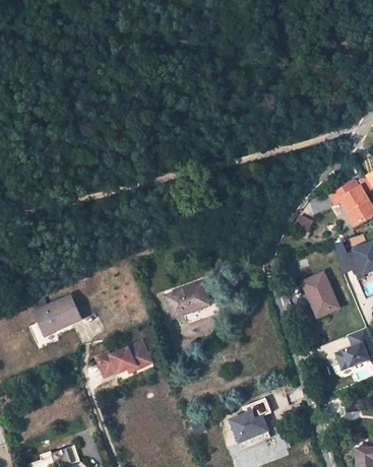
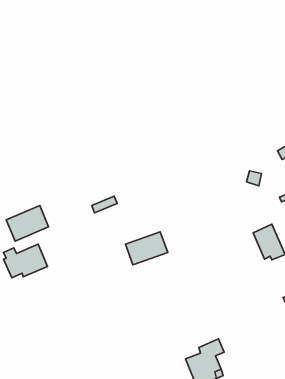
building: none -> [6,206,48,241]
building: [95,340,150,377] -> none

